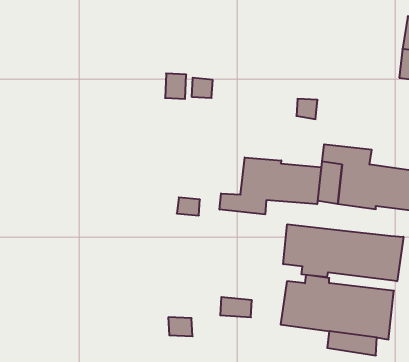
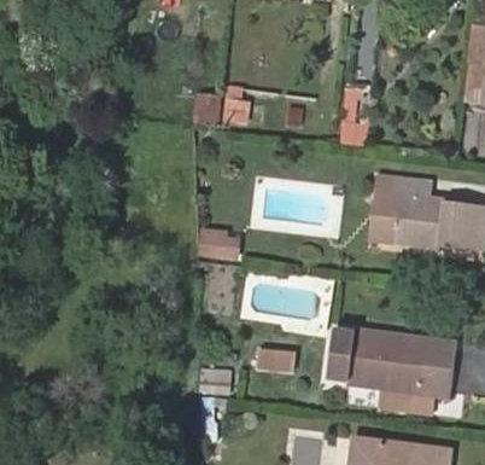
building: [220,157,321,214] -> none
building: [283,224,403,281] -> none

